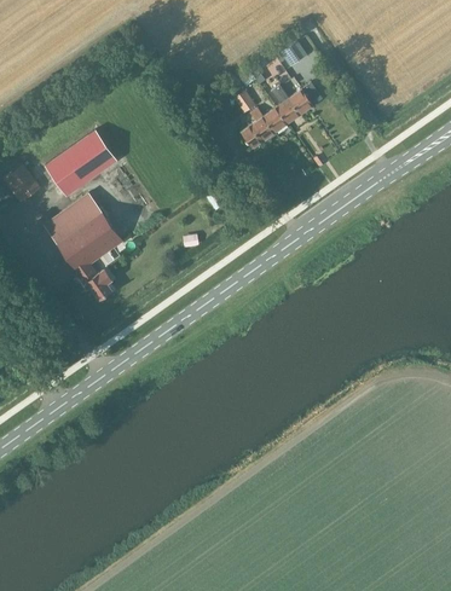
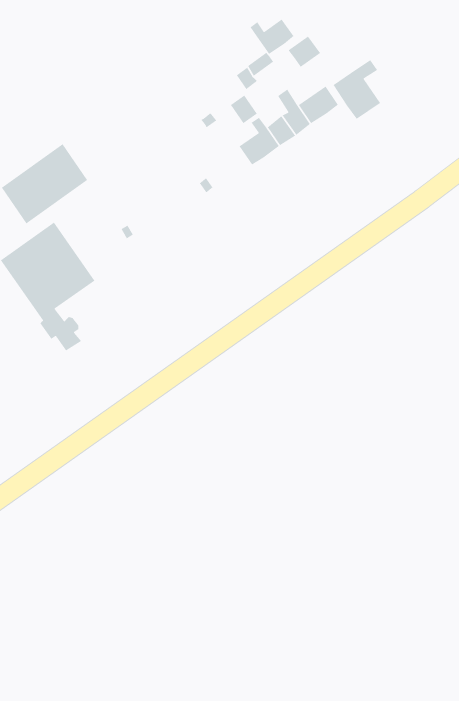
building: none -> [249,18,295,55]
building: none -> [332,59,381,120]

